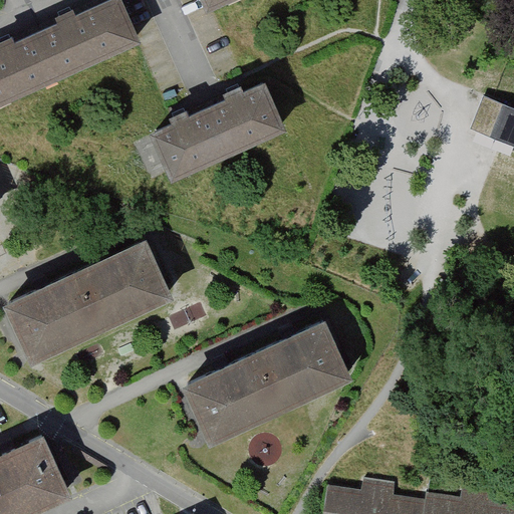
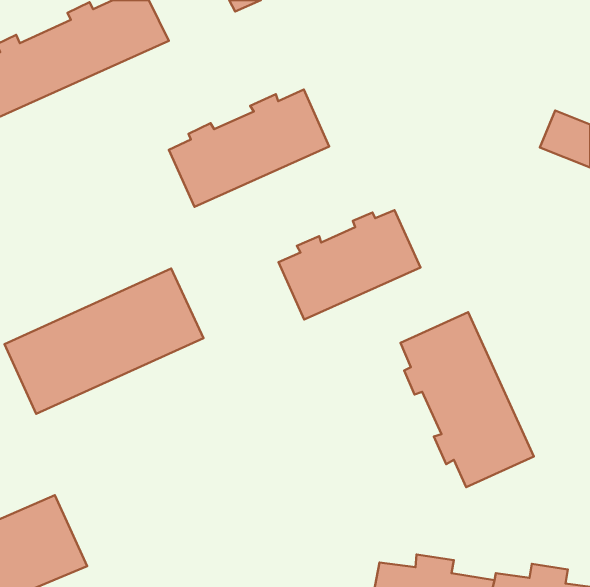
building: none -> [278,210,420,320]
building: none -> [400,312,534,487]
building: [183,317,353,444] -> none

